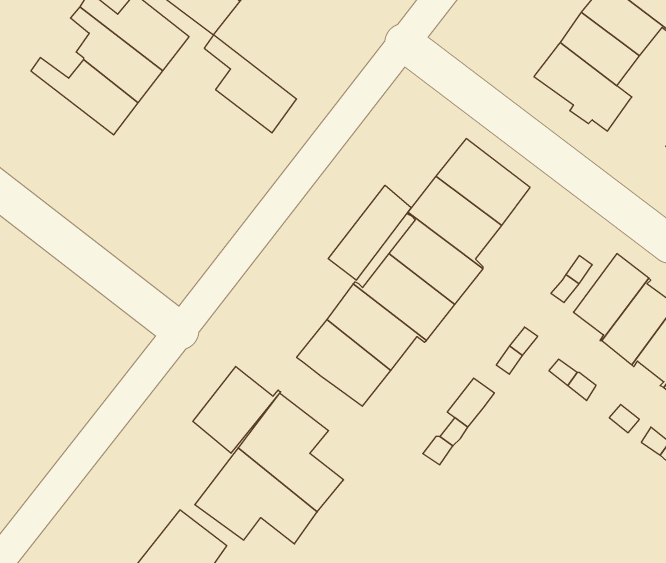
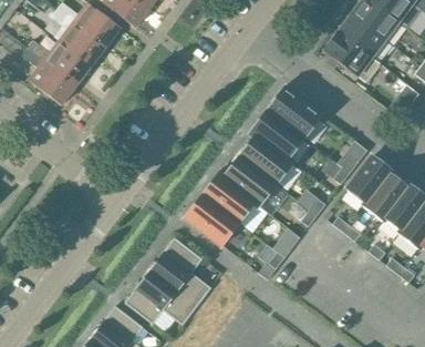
building: [204,35,297,133] -> [22,48,76,105]
building: [328,185,411,280] -> none
building: [193,366,281,453] -> none

